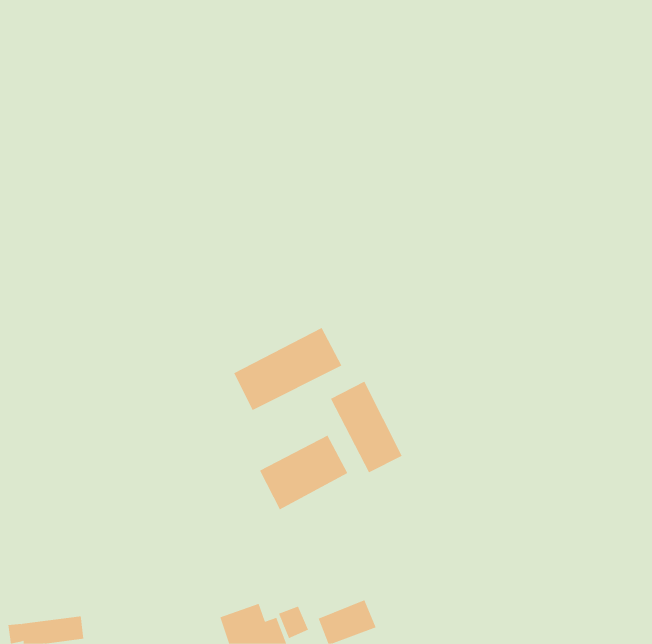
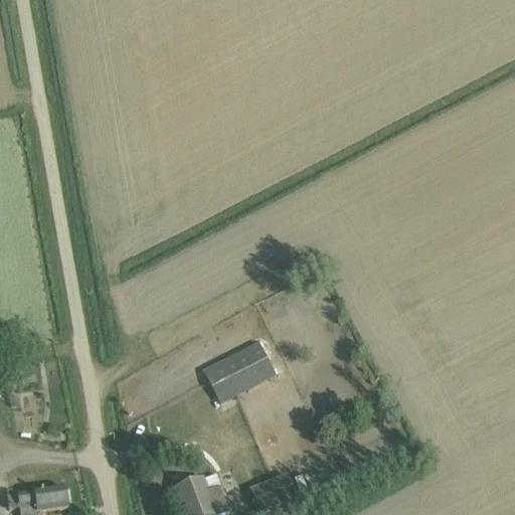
building: [233,327,342,411] -> none
building: [330,381,402,473] -> none

